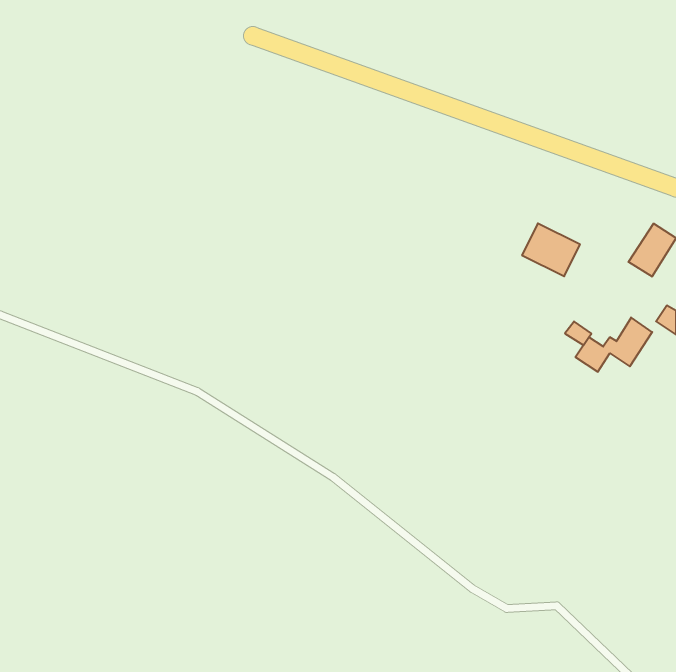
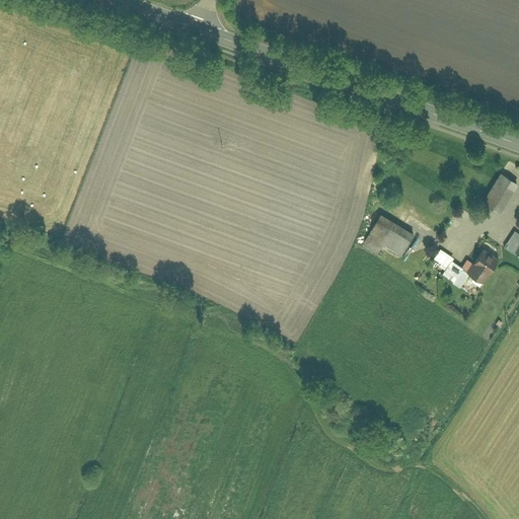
building: [522,223,580,276] -> [369,216,414,256]

